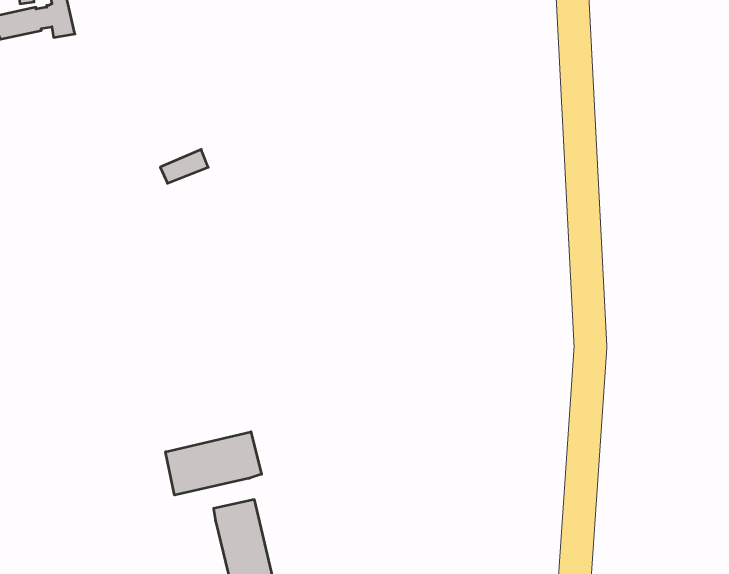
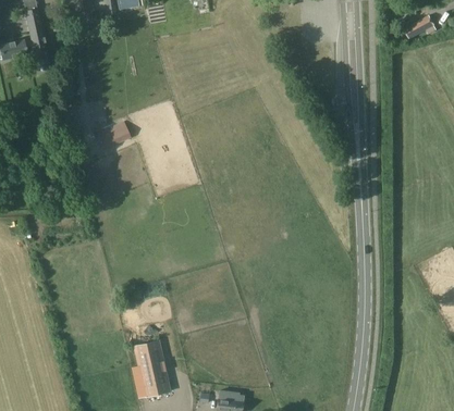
building: [166,432,262,495] -> none

